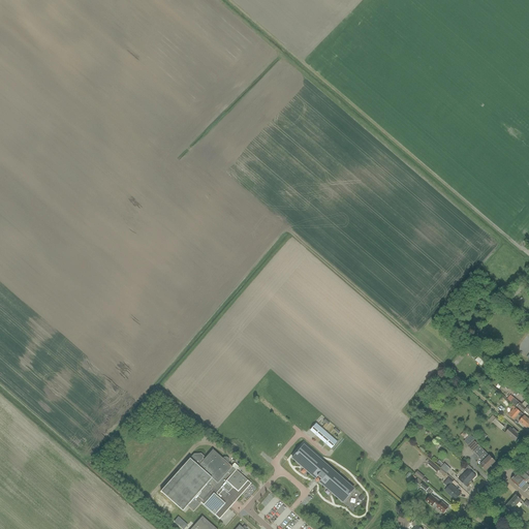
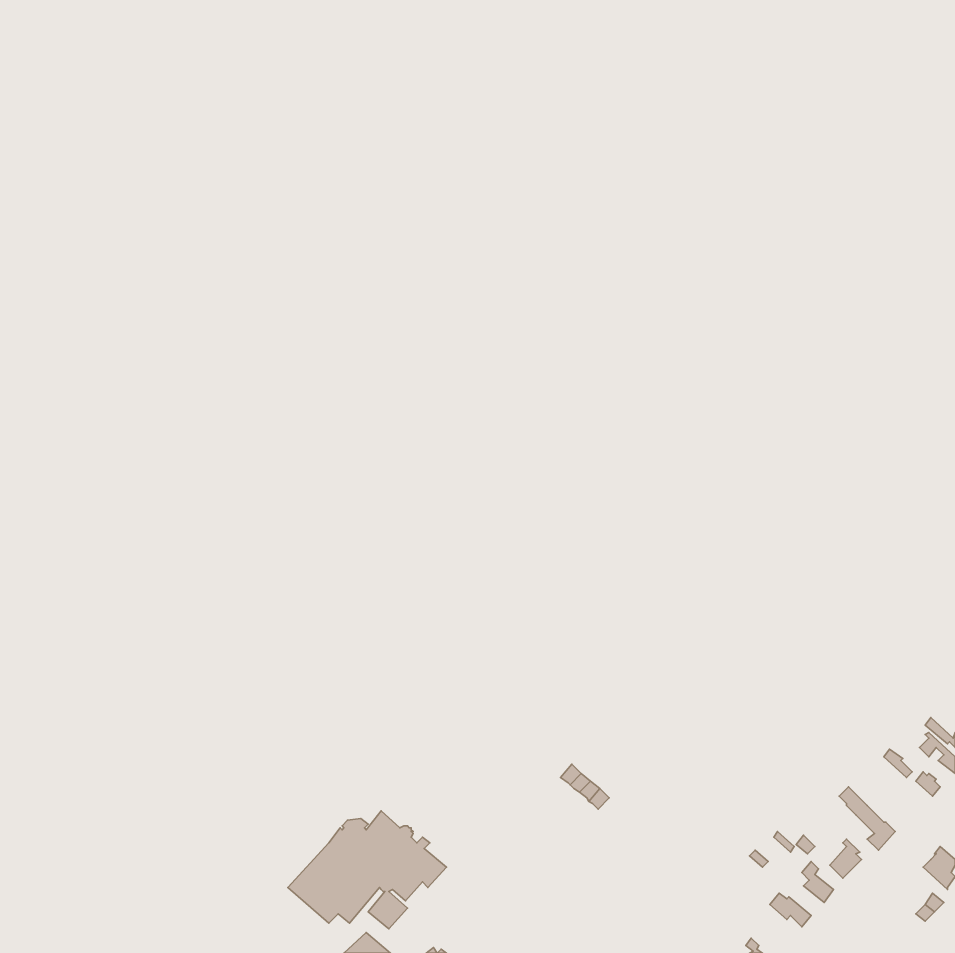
building: [292,444,354,501] -> none

